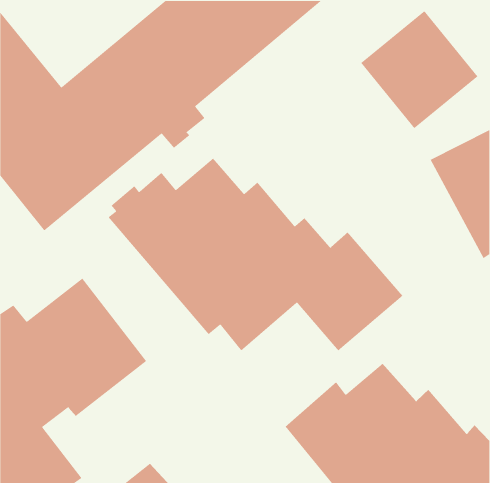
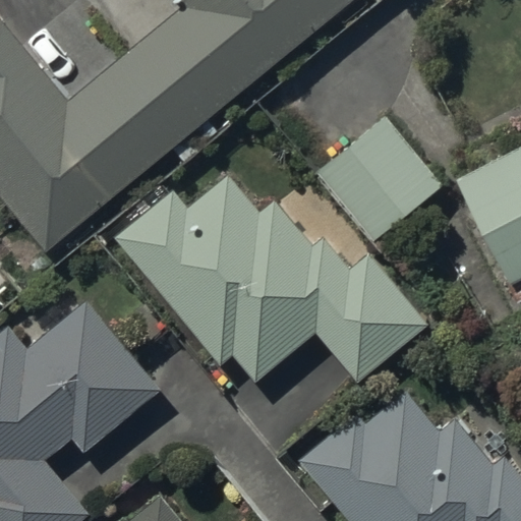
building: [360,10,478,129] -> [316,117,442,243]

